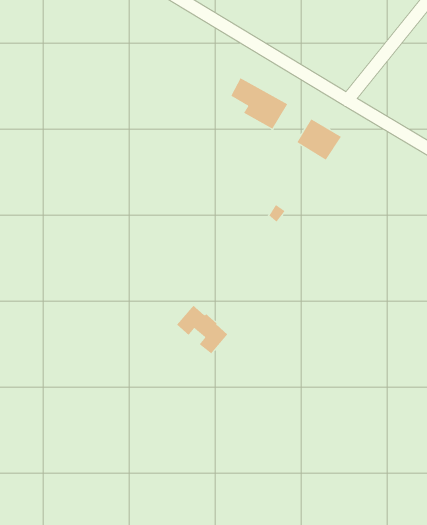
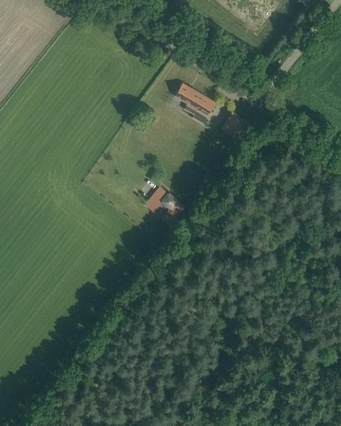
building: [176,305,228,354] -> [147,187,184,222]

